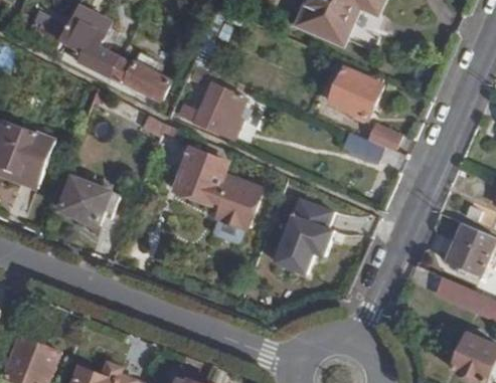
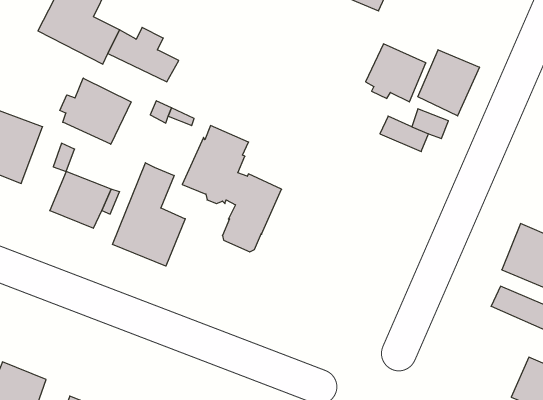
building: none -> [418,50,479,116]
building: [179,82,242,137] -> none
building: none -> [60,78,131,144]
building: none -> [112,163,185,266]
building: [274,199,332,274] -> none

